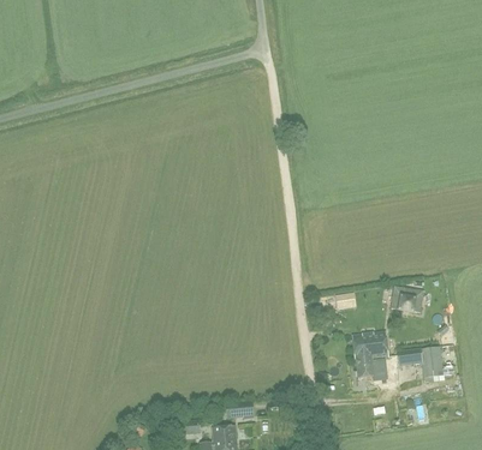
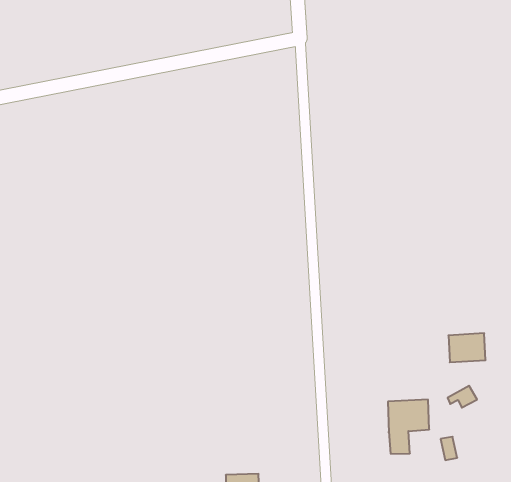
building: [419,348,442,378] -> none

